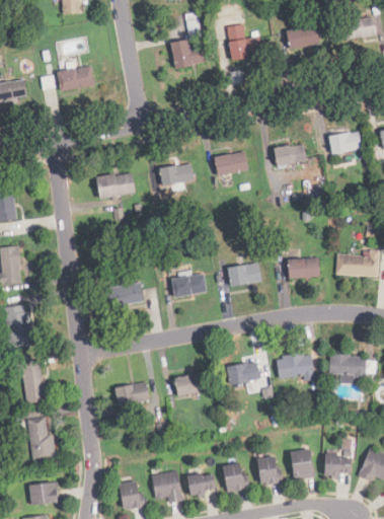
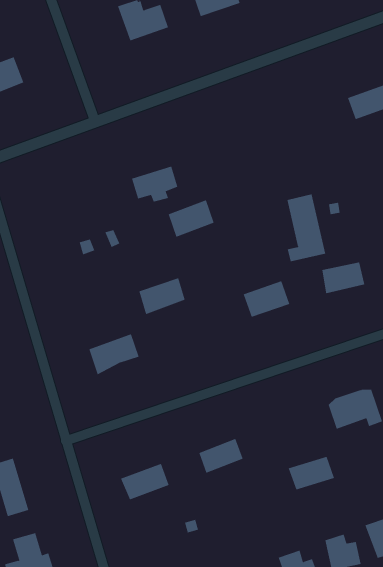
building: [275,144,307,168] -> none
building: [215,151,248,175] -> [168,199,215,238]
building: [96,173,135,199] -> none
building: none -> [287,194,326,262]
building: [172,274,206,297] -> [139,278,185,315]
building: [226,362,259,383] -> [288,456,335,490]

